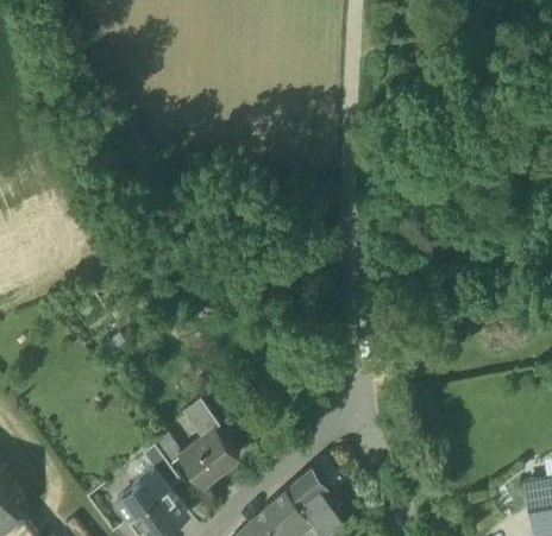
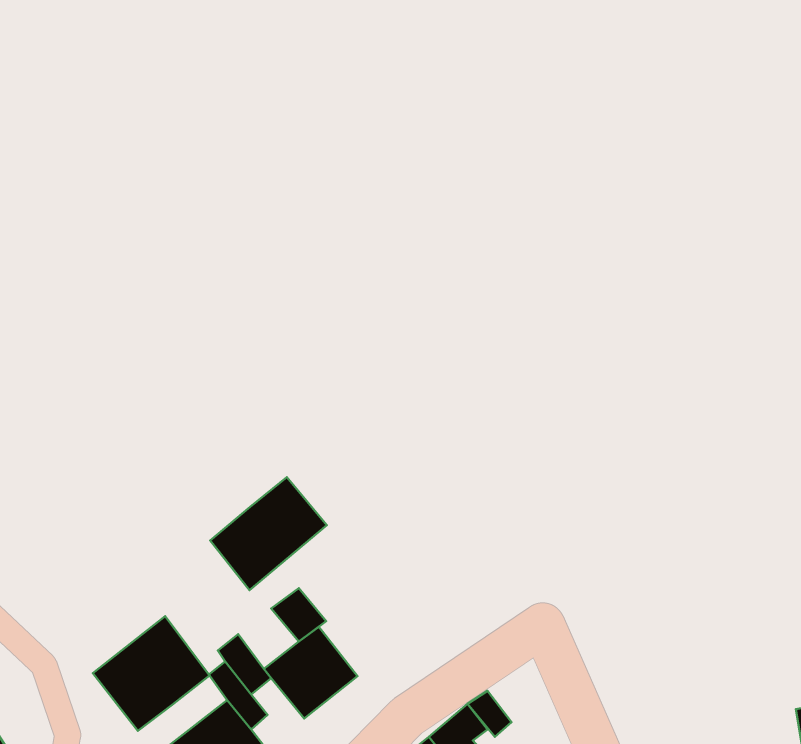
building: none -> [210,477,327,590]
building: none -> [93,616,210,731]

